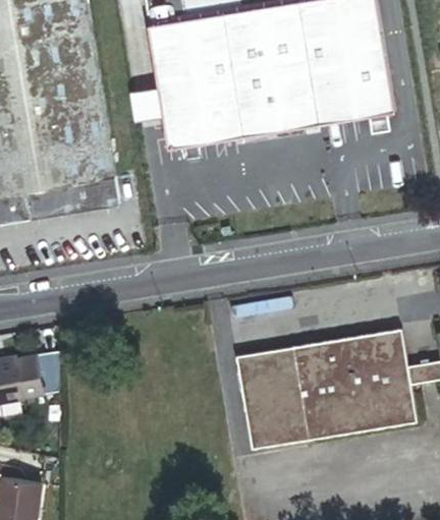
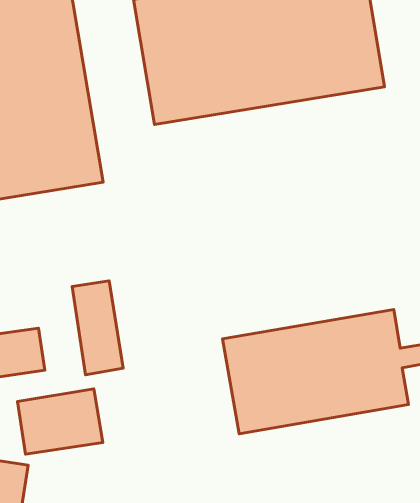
building: none -> [72,281,123,375]
building: none -> [18,389,103,454]

